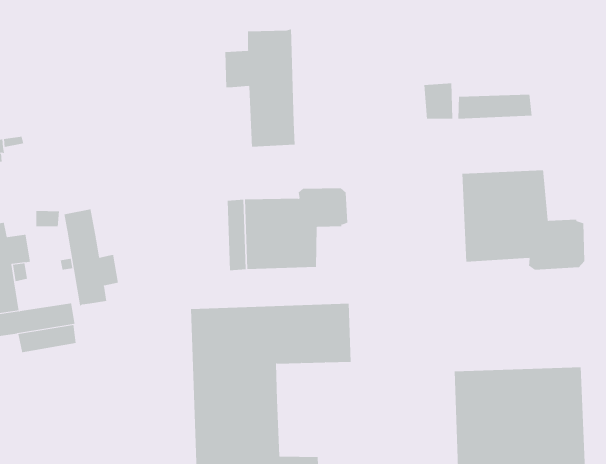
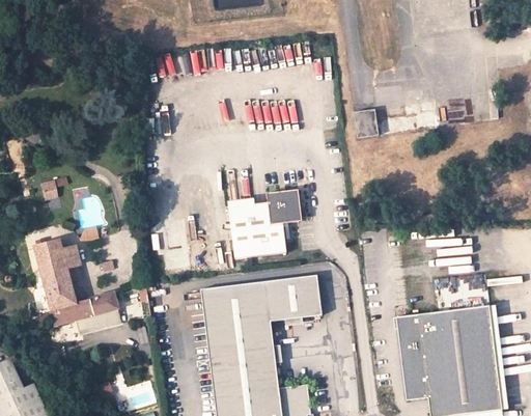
building: [225,28,295,148] -> none
building: [462,170,585,270] -> none
building: [64,208,118,307] -> none

